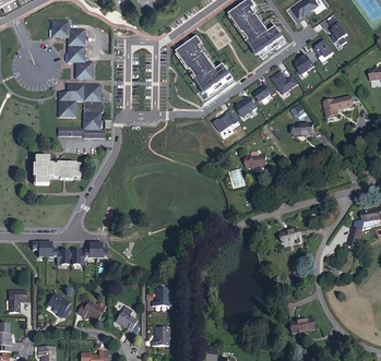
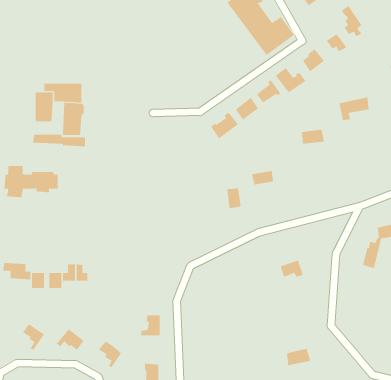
building: [51,22,93,80] -> none
building: [175,35,235,104] -> none

